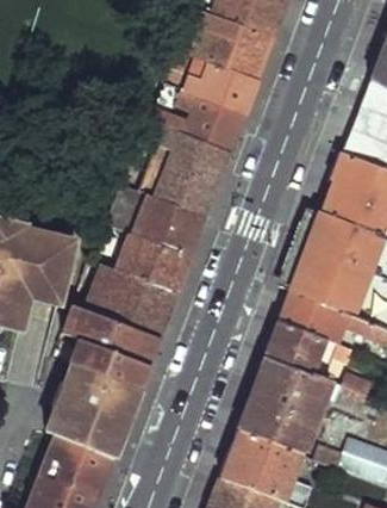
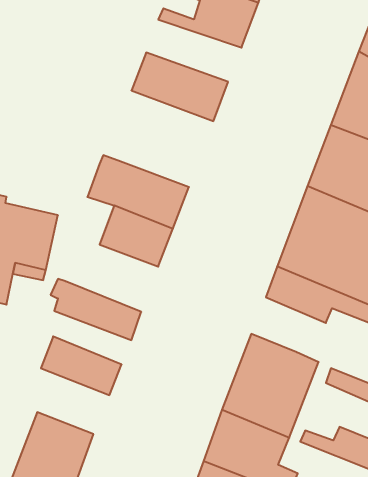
building: [164,50,257,111] -> none
building: [139,118,230,213] -> none
building: [86,265,176,335] -> none
building: [267,321,352,374] -> none
building: [55,329,150,386] -> none
building: [46,390,129,454] -> none

